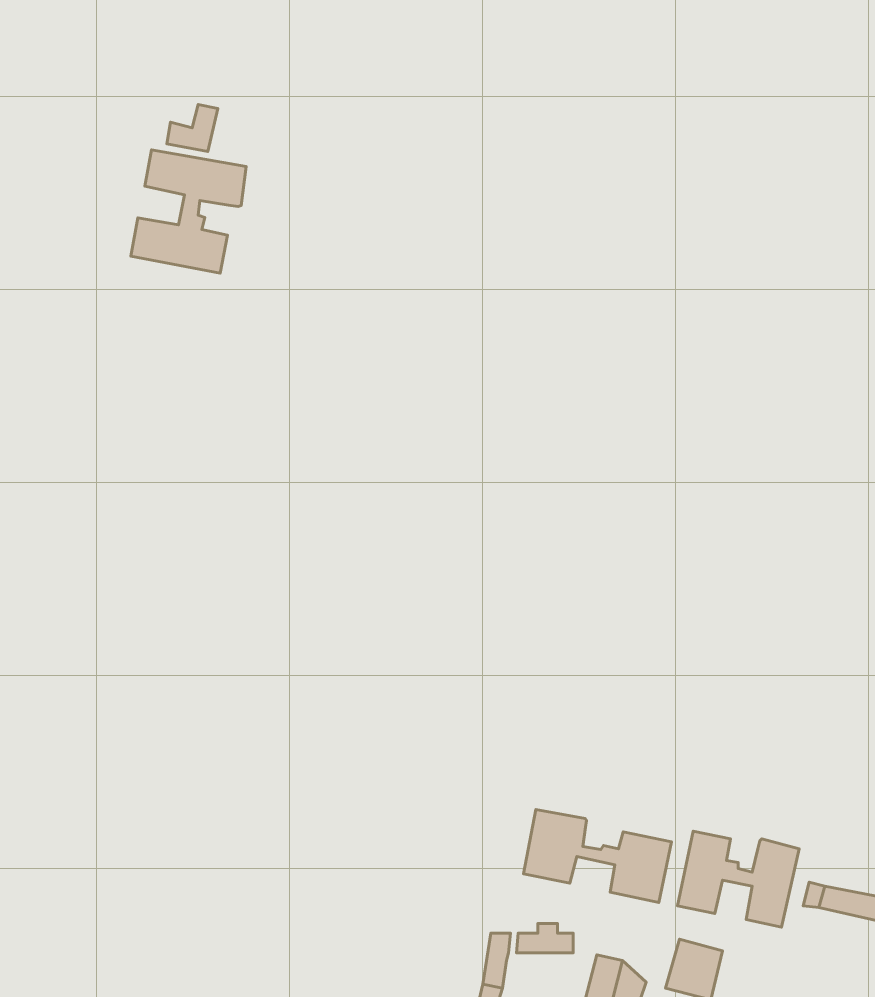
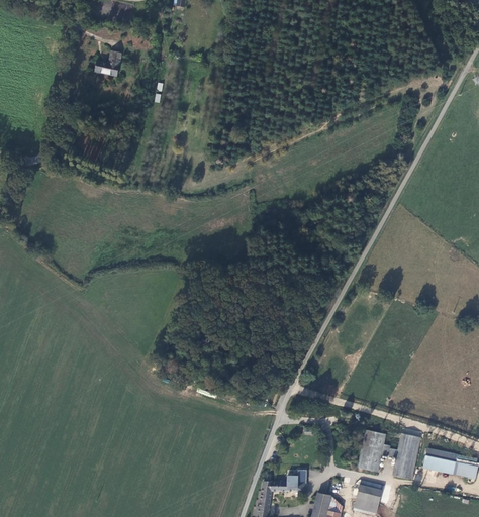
building: [131,150,246,273] -> none
building: [524,810,671,903] -> none

